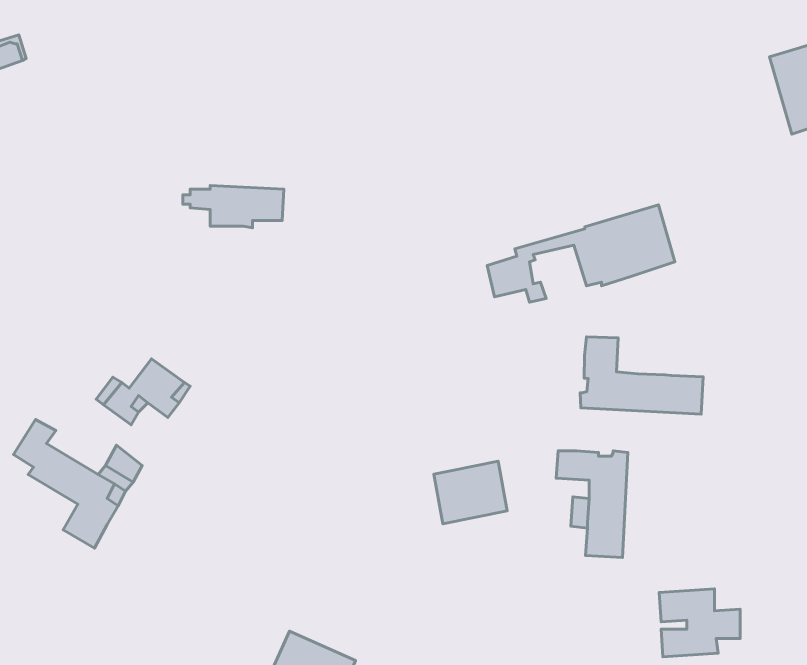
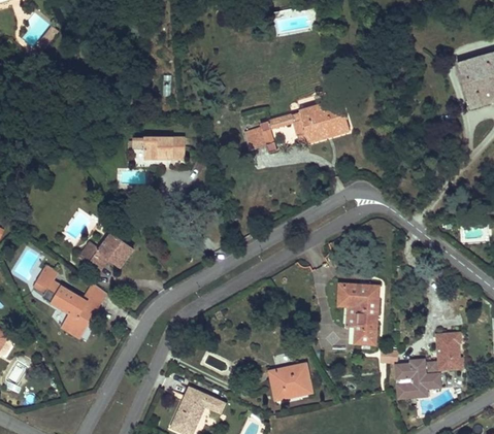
building: [487,205,675,302] -> [244,98,350,153]
building: [580,337,703,414] -> none
building: [434,461,507,524] -> [270,364,311,399]
building: none -> [437,333,462,370]

